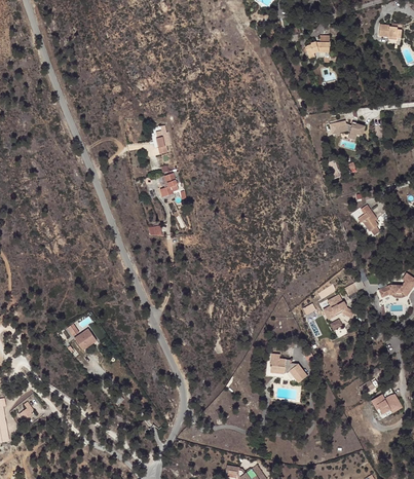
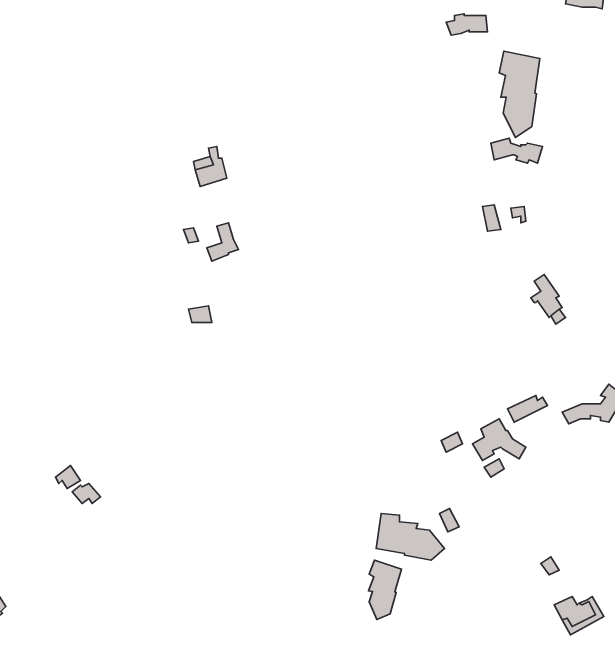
building: none -> [499,51,540,138]
building: none -> [368,560,402,619]

